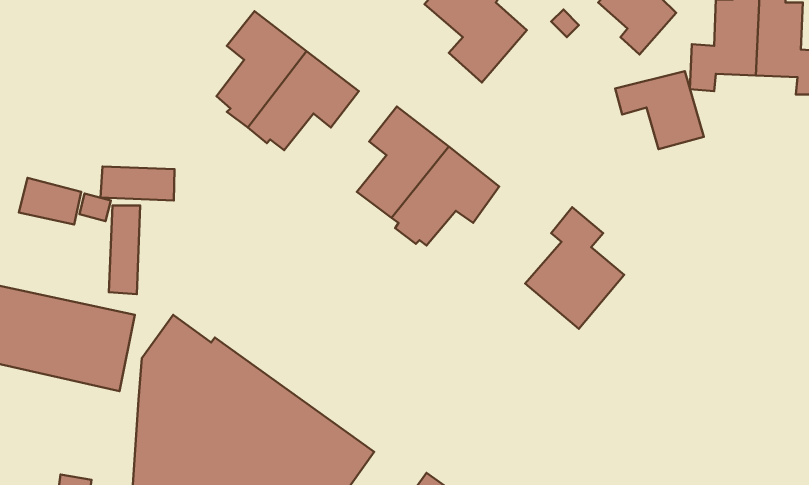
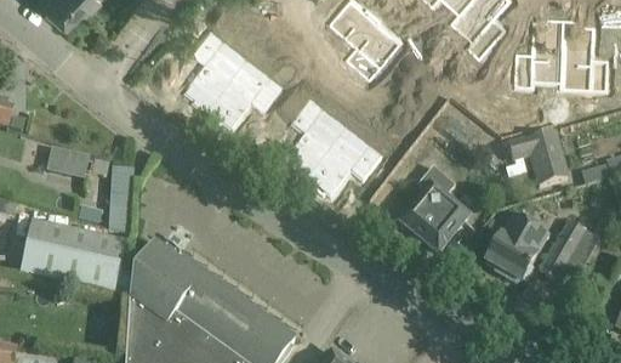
building: [615,71,704,149] -> [507,130,569,185]
building: [100,166,175,200] -> none
building: none -> [484,216,547,283]
building: none -> [540,221,585,279]

